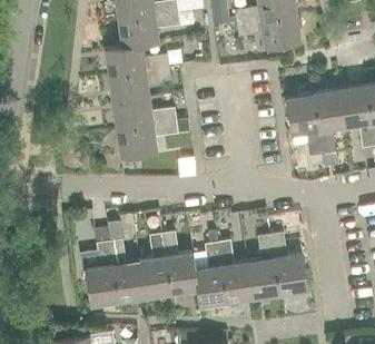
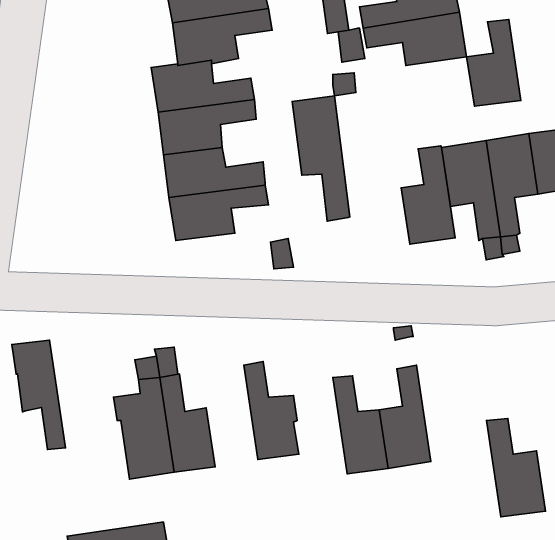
building: none -> [467,20,521,106]
building: none -> [292,96,350,221]
building: none -> [401,146,455,244]
building: none -> [12,340,66,450]
building: [270,233,307,294] -> [487,419,545,517]
building: [139,234,171,297] -> none
building: [194,242,227,306] -> none

